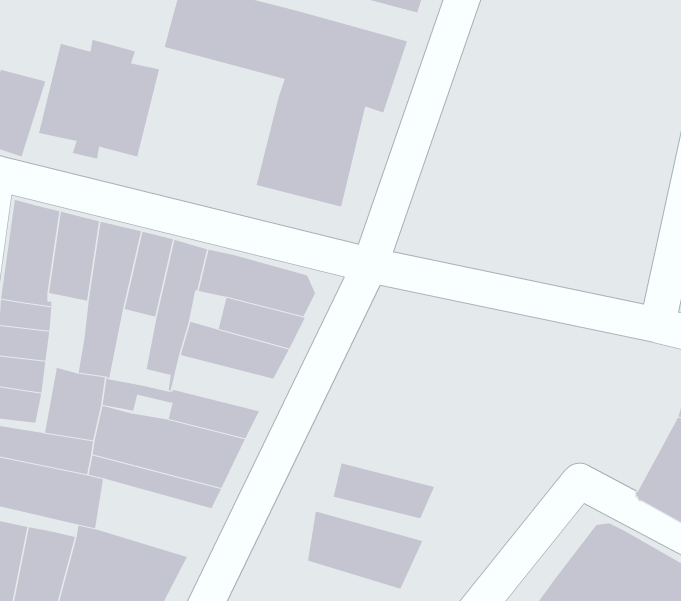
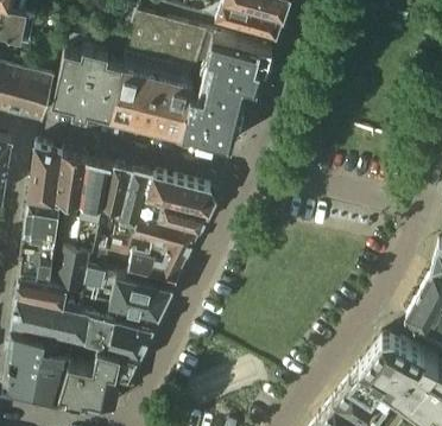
building: none -> [109,69,192,138]
building: [333,463,435,519] -> [130,239,190,272]
building: [307,511,423,589] -> [84,312,153,358]

